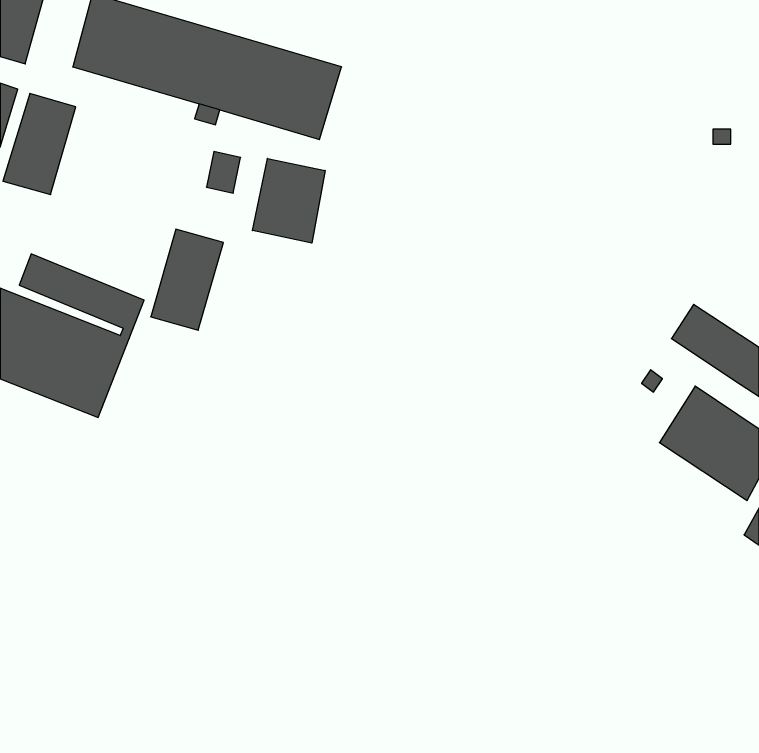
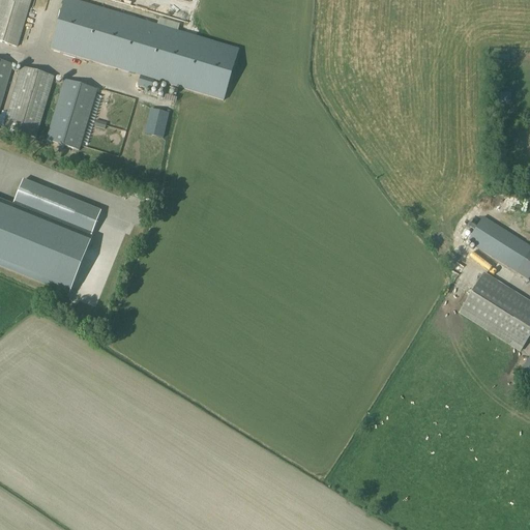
building: [252,158,325,243] -> none
building: [151,229,223,330] -> [46,78,96,148]

